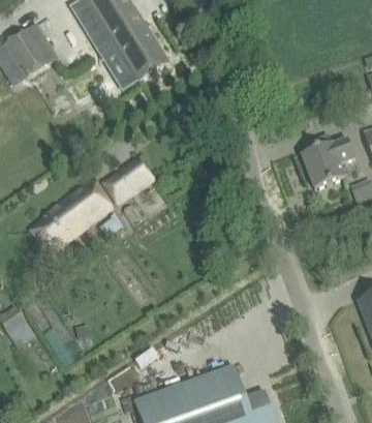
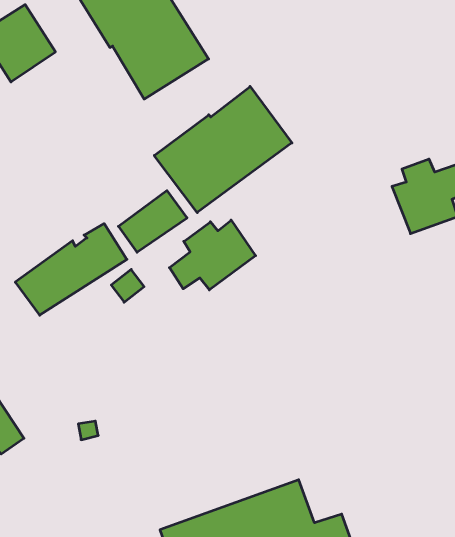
building: none -> [154,86,292,213]
building: none -> [169,220,256,290]

